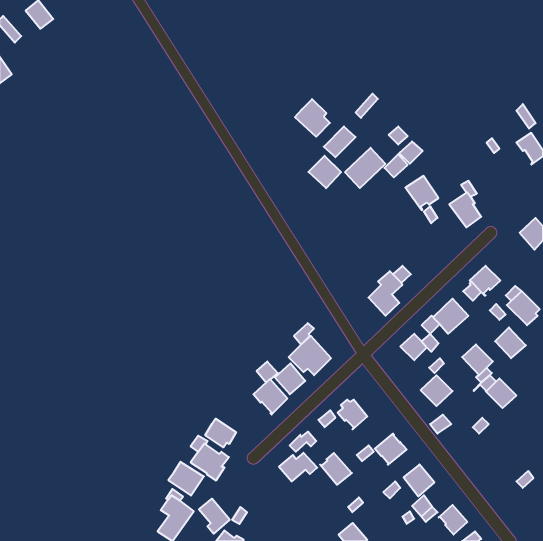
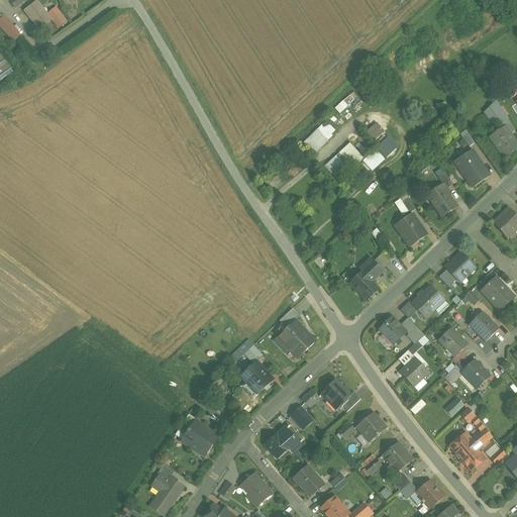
building: [295,99,330,137] -> none
building: [308,156,341,188] -> none
building: none -> [454,149,490,185]
building: [405,176,438,210] -> [395,213,426,245]
building: [275,363,305,394] -> none
building: [205,419,236,447] -> none
building: none -> [450,406,492,470]
building: [320,453,352,485] -> [294,466,324,496]
building: [169,462,204,496] -> none
building: [199,499,230,534] -> [241,474,271,507]

